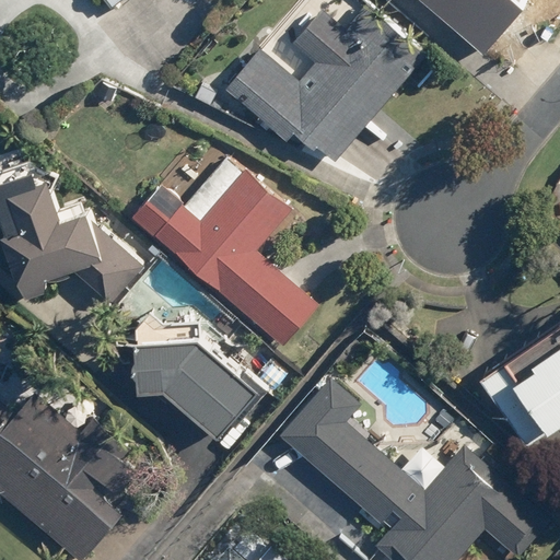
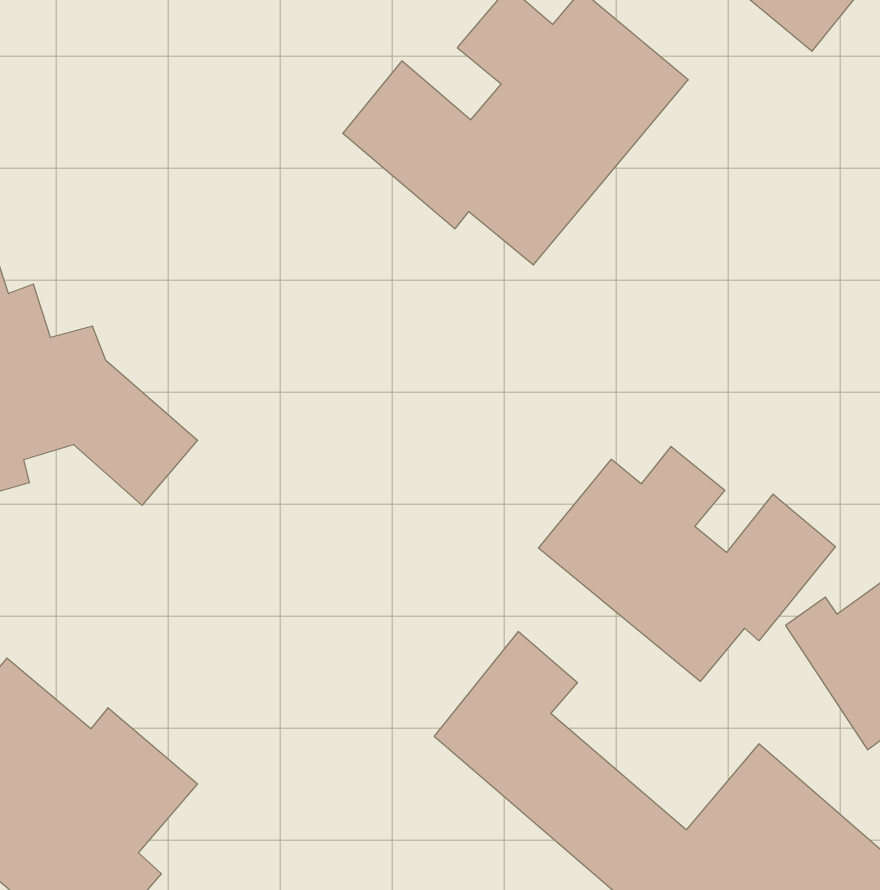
building: [125,171,317,347] -> none
building: none -> [538,446,835,681]
building: [133,337,256,435] -> none

